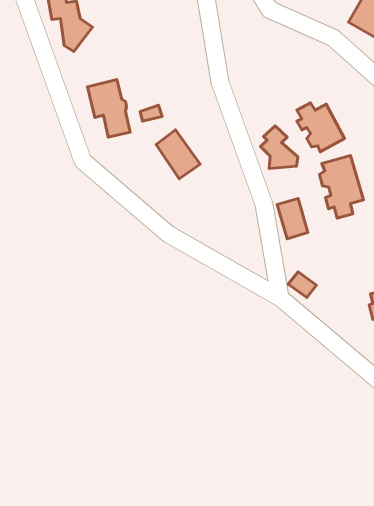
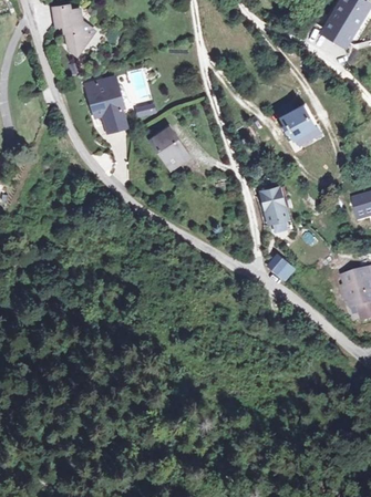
building: [261,126,298,168] -> none
building: [319,155,364,218] -> none

